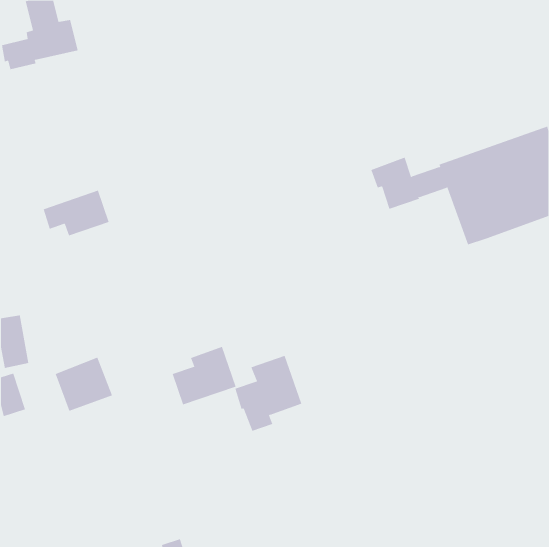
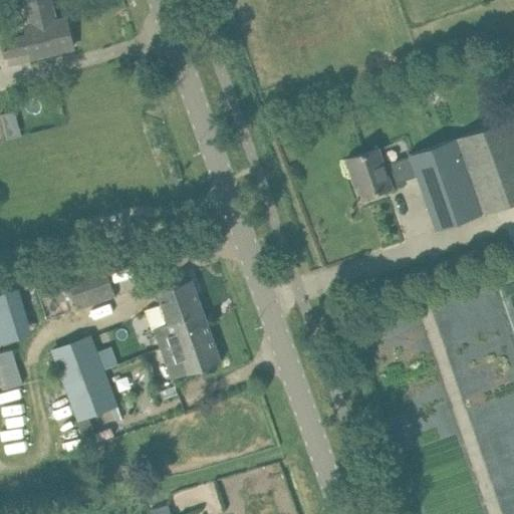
building: [43,190,109,236] -> [53,267,115,310]
building: [235,355,302,432] -> [145,280,208,351]
building: none -> [64,371,118,446]

